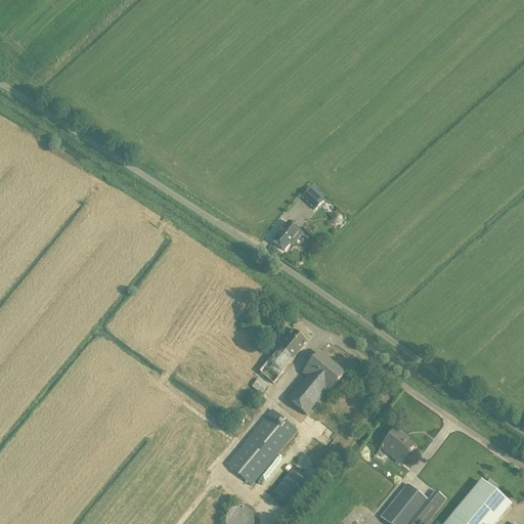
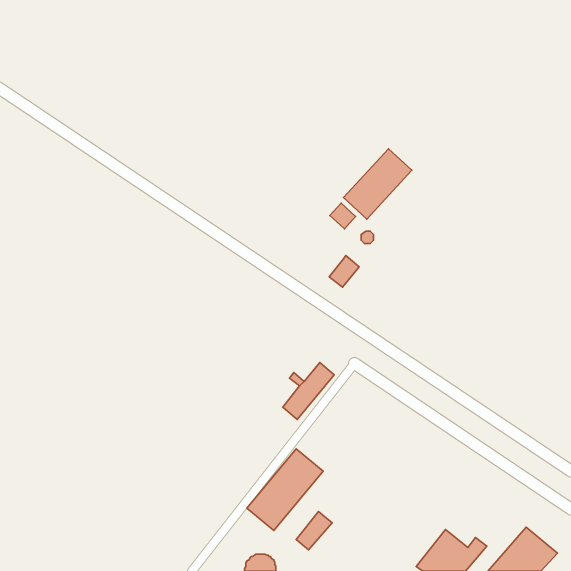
building: none -> [343,149,412,219]
building: [271,221,299,250] -> [329,256,359,287]
building: [286,352,343,413] -> none
building: [380,429,412,460] -> none

